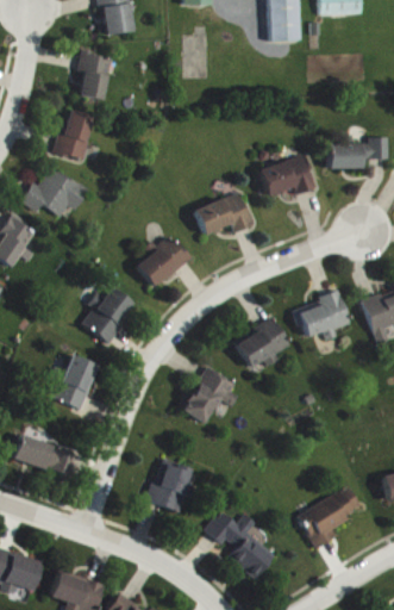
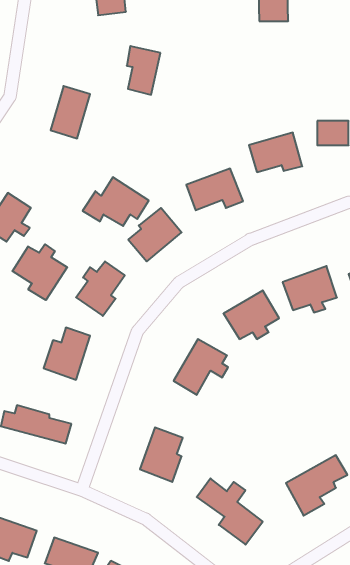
building: [77,50,112,100] -> [127,46,160,95]
building: [19,167,87,217] -> [83,177,149,226]
building: none -> [12,244,67,300]

